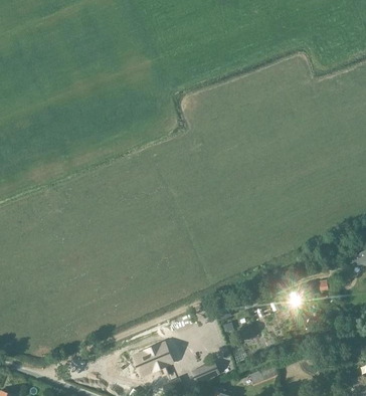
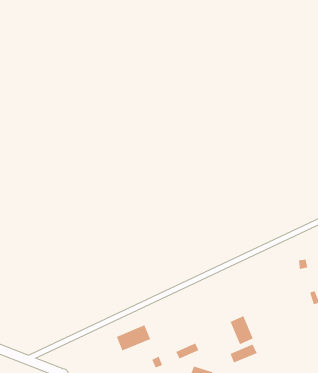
building: none -> [229,315,254,345]

